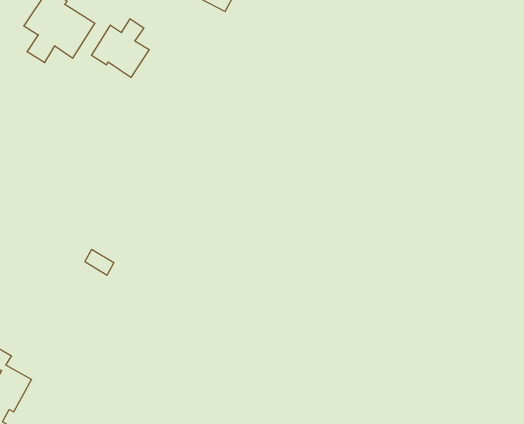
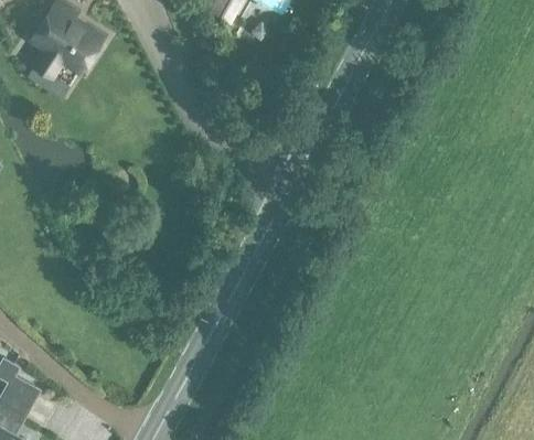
building: [92,19,149,77] -> none

